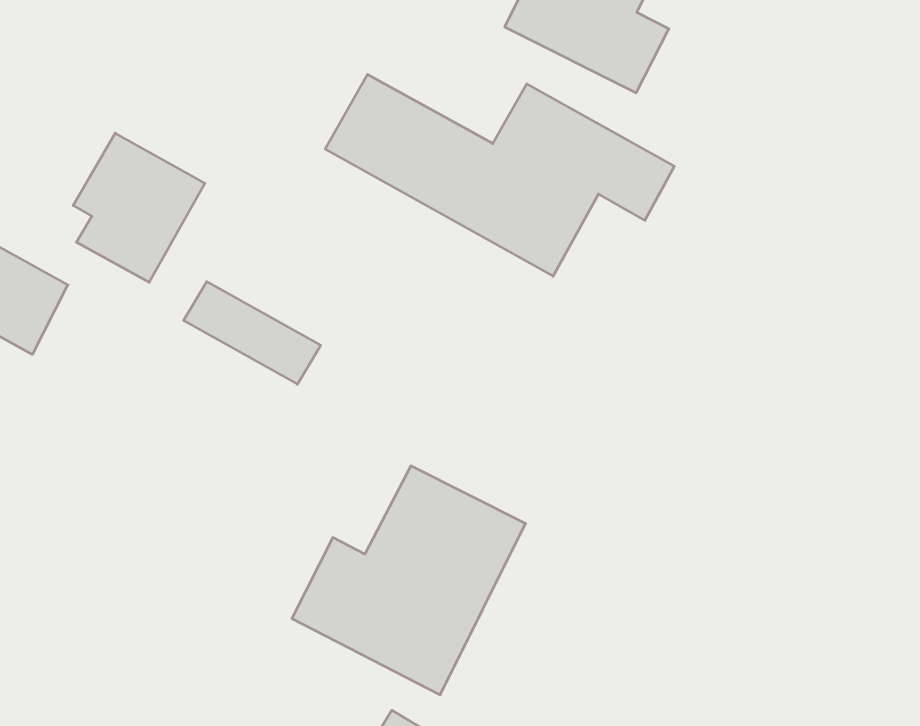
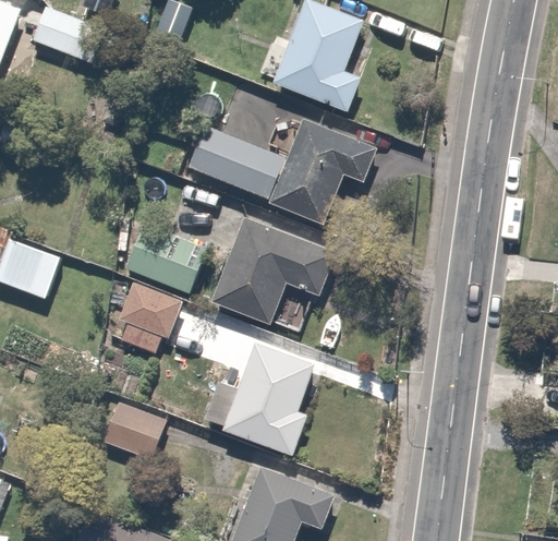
building: [73,133,205,282] -> [116,279,185,358]
building: none -> [213,220,339,323]
building: none -> [100,399,168,462]

